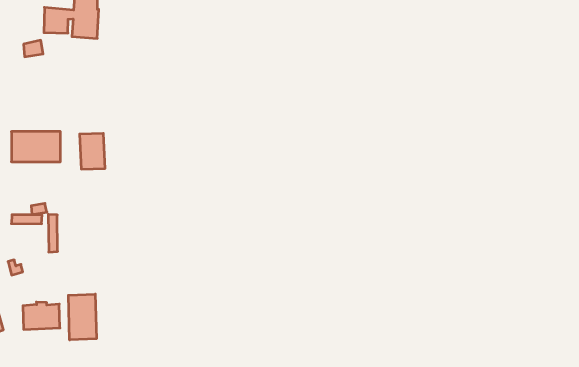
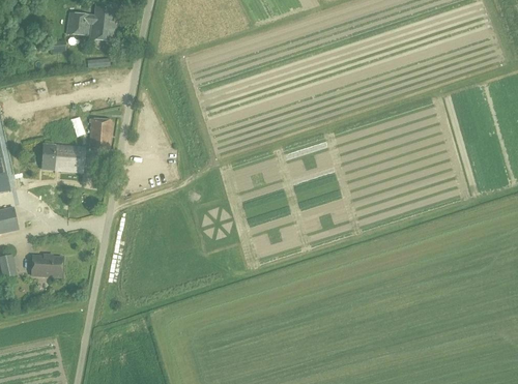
building: [11,132,60,162] -> [41,144,84,172]
building: [68,294,96,340] -> none

